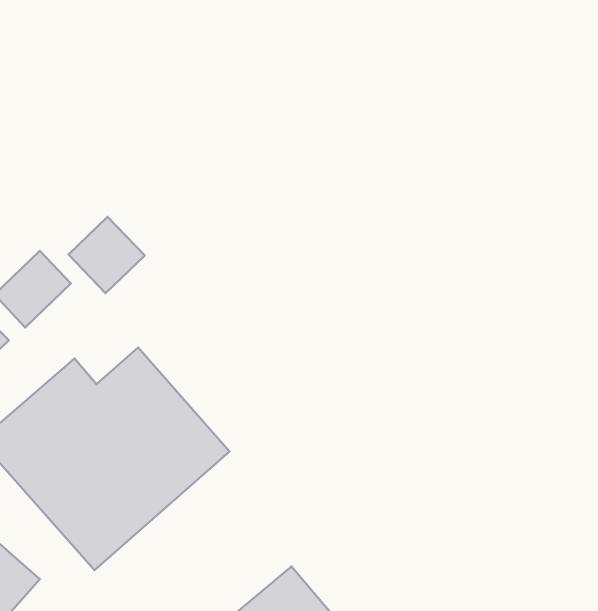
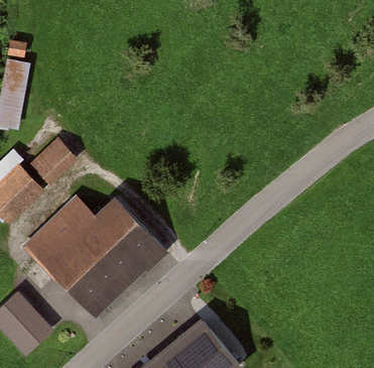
building: [68,217,145,293] -> none

